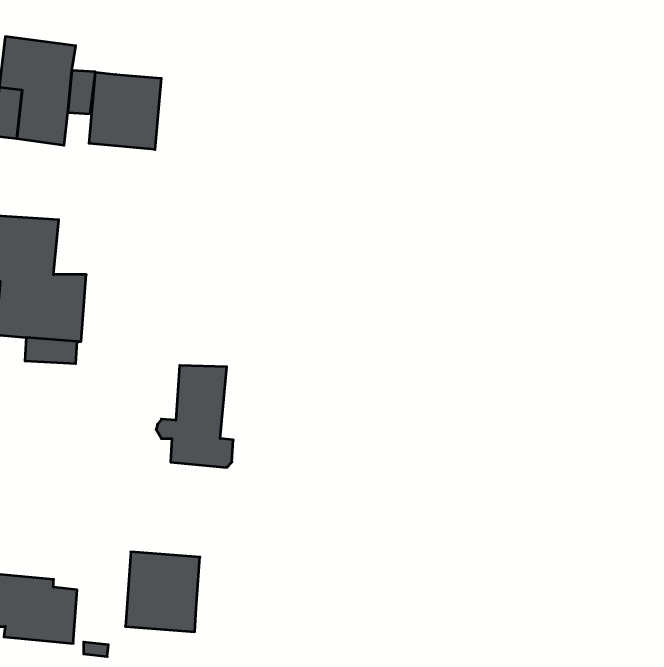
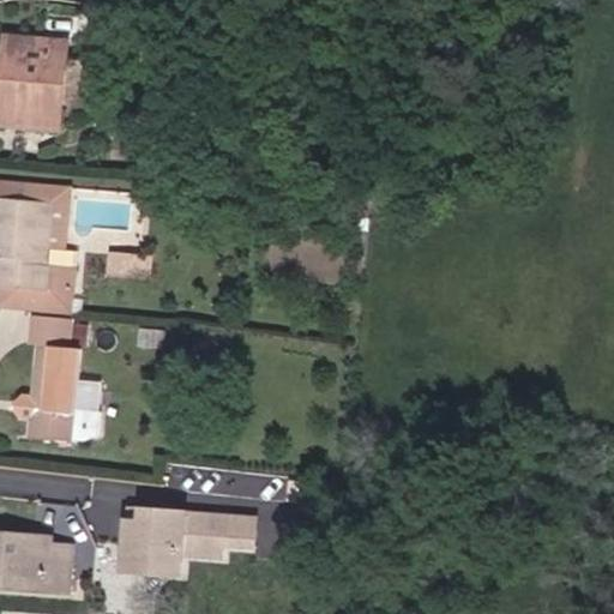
building: [89,72,161,150] -> none
building: [156,365,233,467] -> [13,338,84,432]
building: none -> [180,511,254,560]

